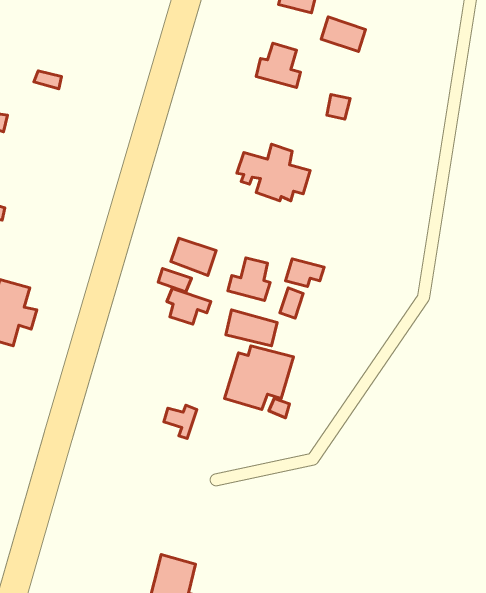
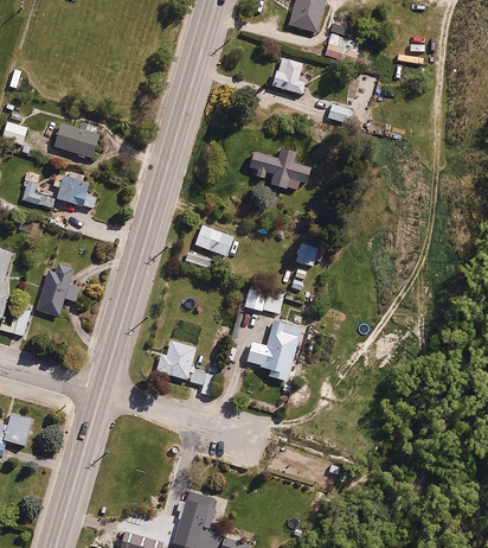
building: none -> [54,122,101,160]
building: none -> [57,168,98,210]
building: [228,258,270,301] -> none
building: [167,288,211,324] -> none
building: none -> [156,338,195,378]

